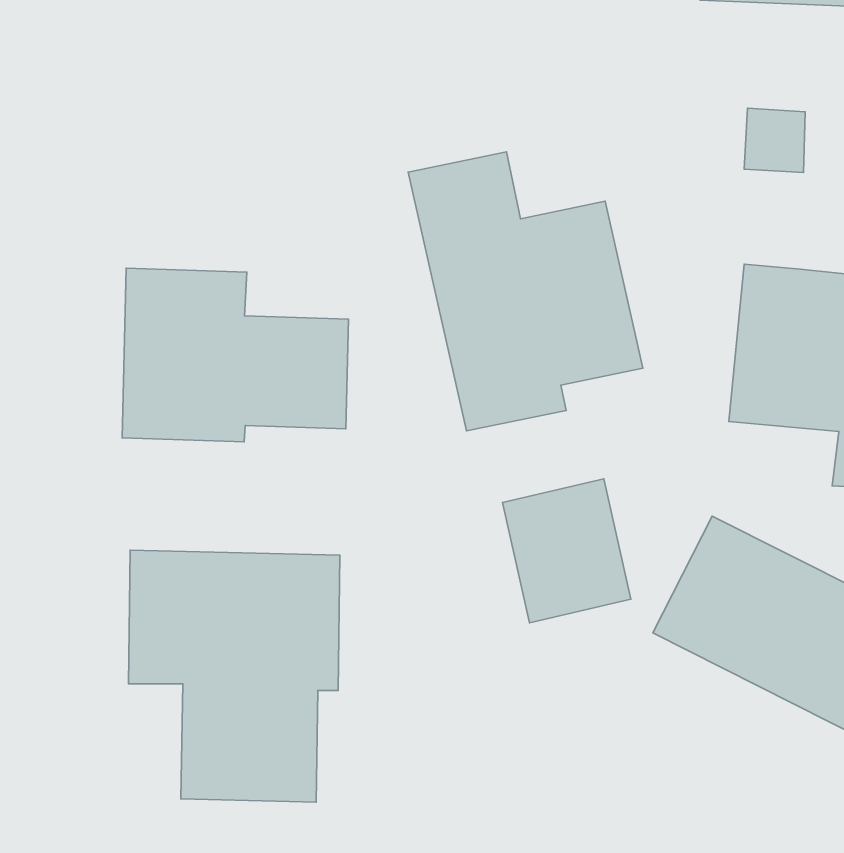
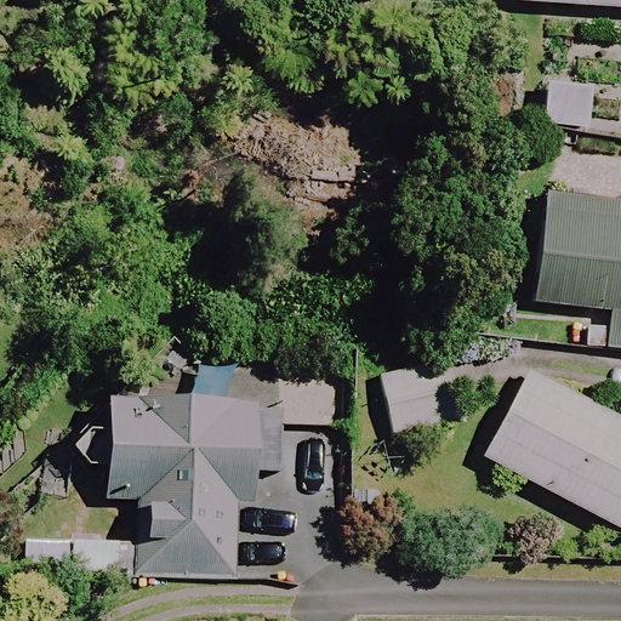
building: [408,152,643,431] -> none
building: [122,268,348,442] -> none

